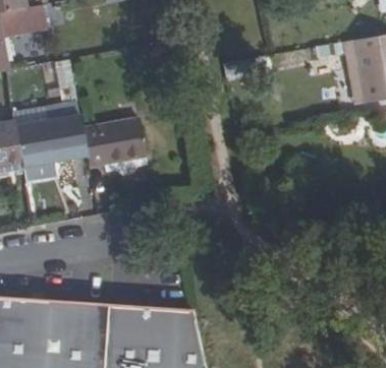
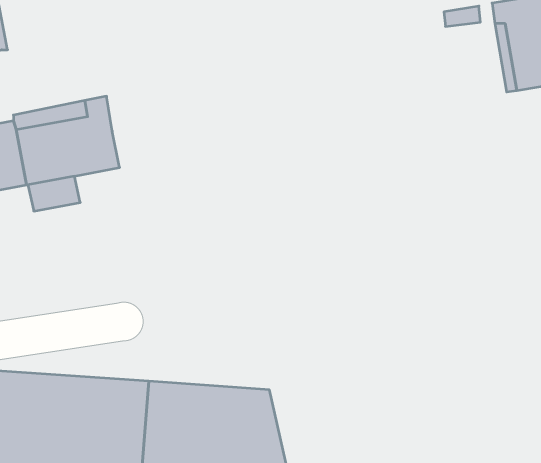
building: [82,119,146,166] -> none

